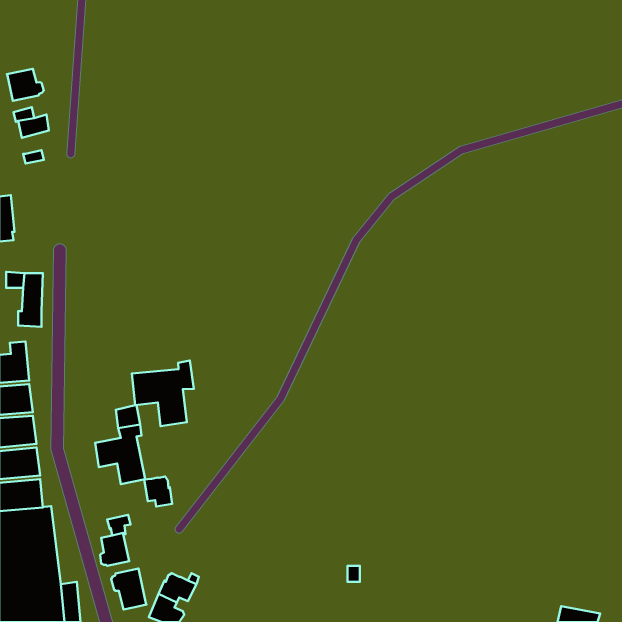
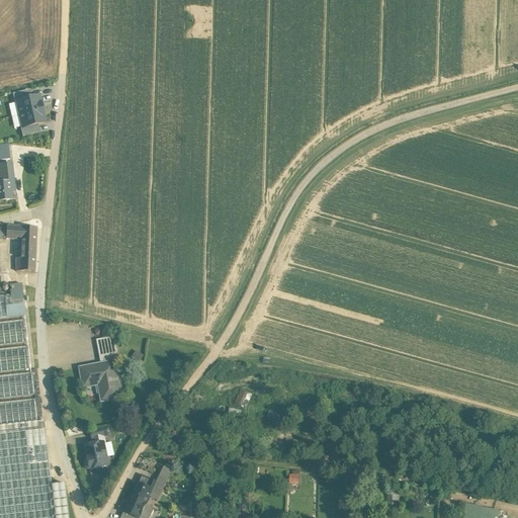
building: [7,69,44,101] -> none
building: [132,361,194,426] -> none
building: [144,477,172,506] -> none
building: [111,568,146,609] -> none

